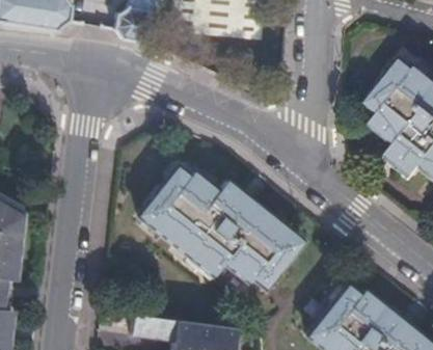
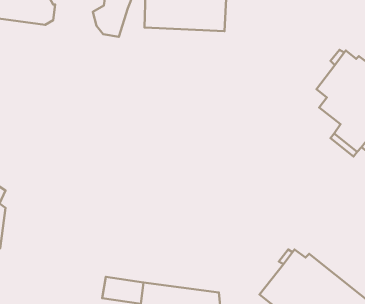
building: [135,161,299,287] -> none

